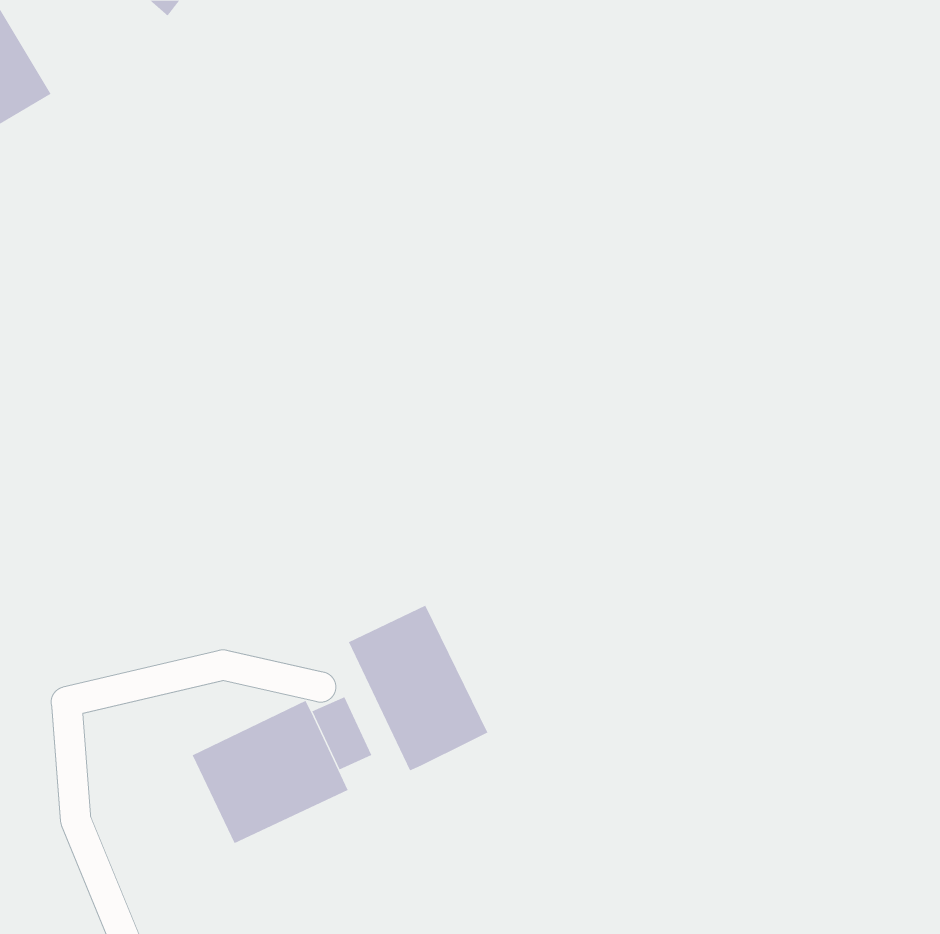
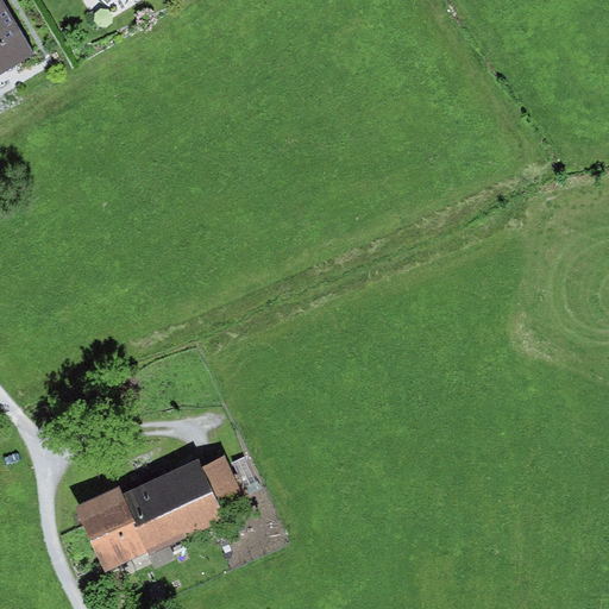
building: [348,605,488,771] -> none
building: none -> [76,485,151,571]

